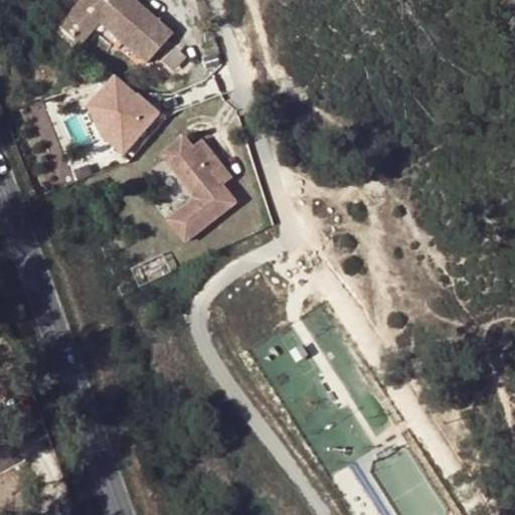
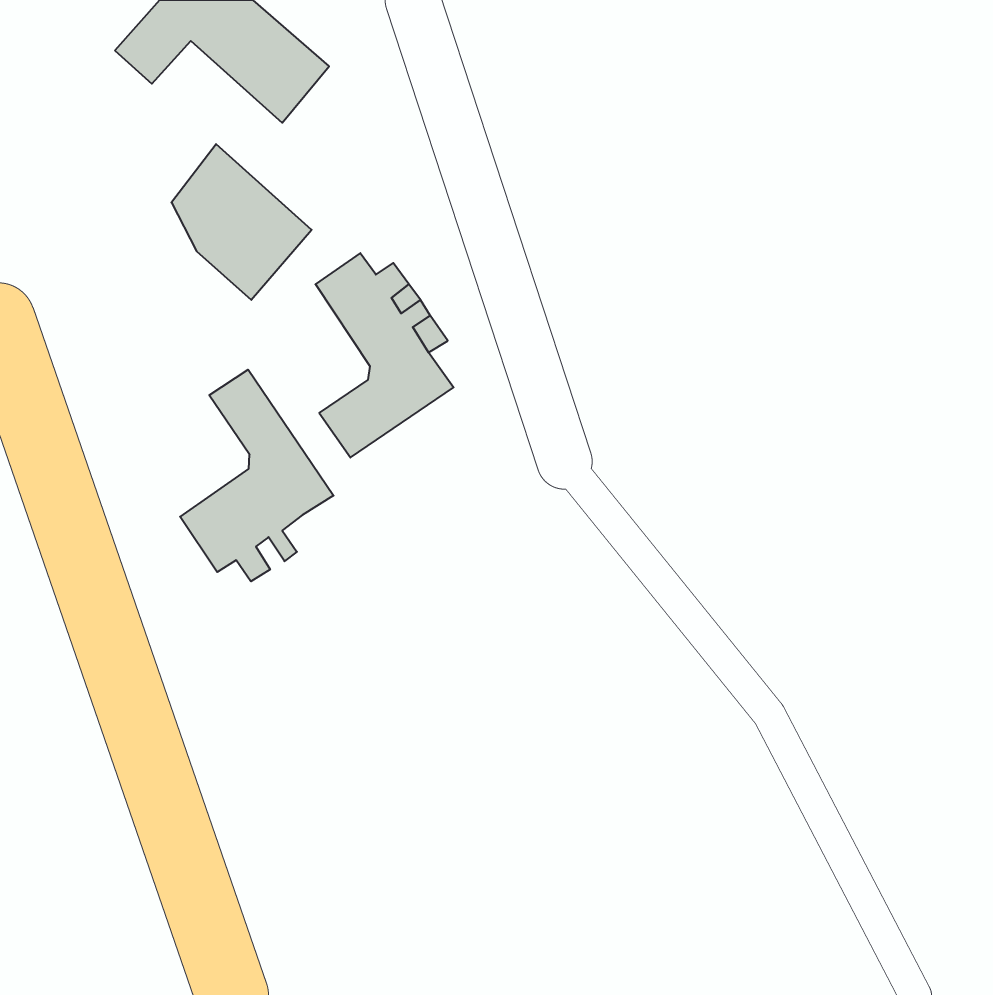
building: none -> [180,370,334,581]

